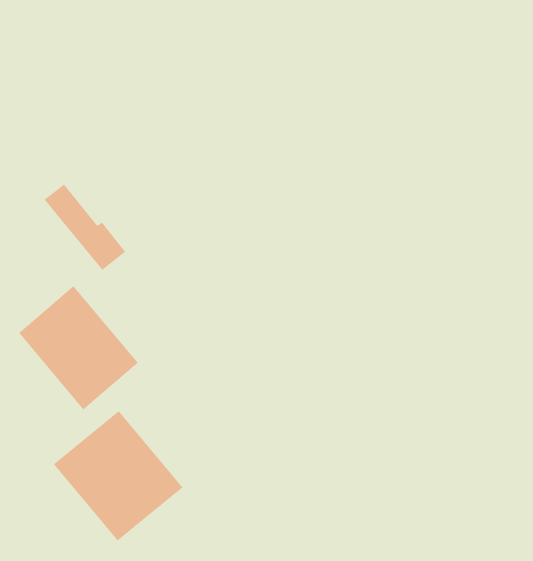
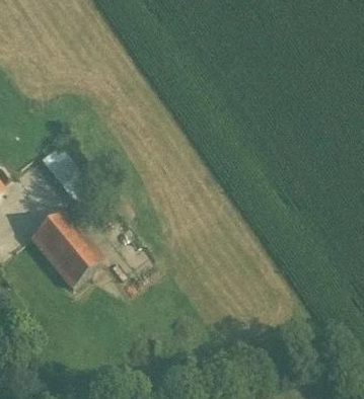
building: [53,410,183,542] -> none

